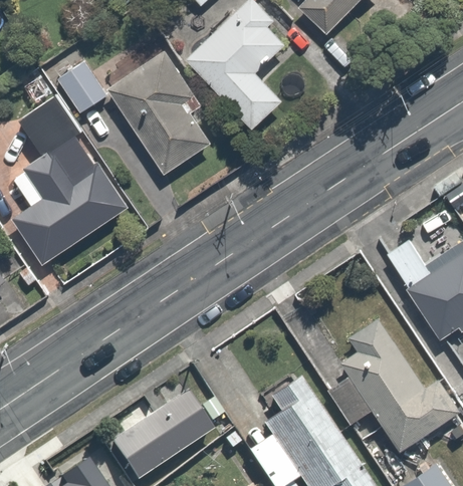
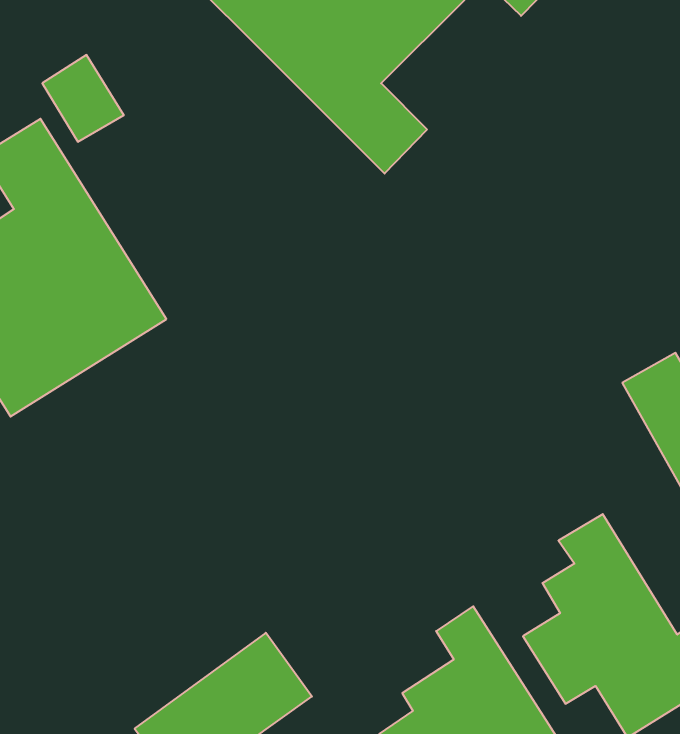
building: [105,51,211,178] -> none

